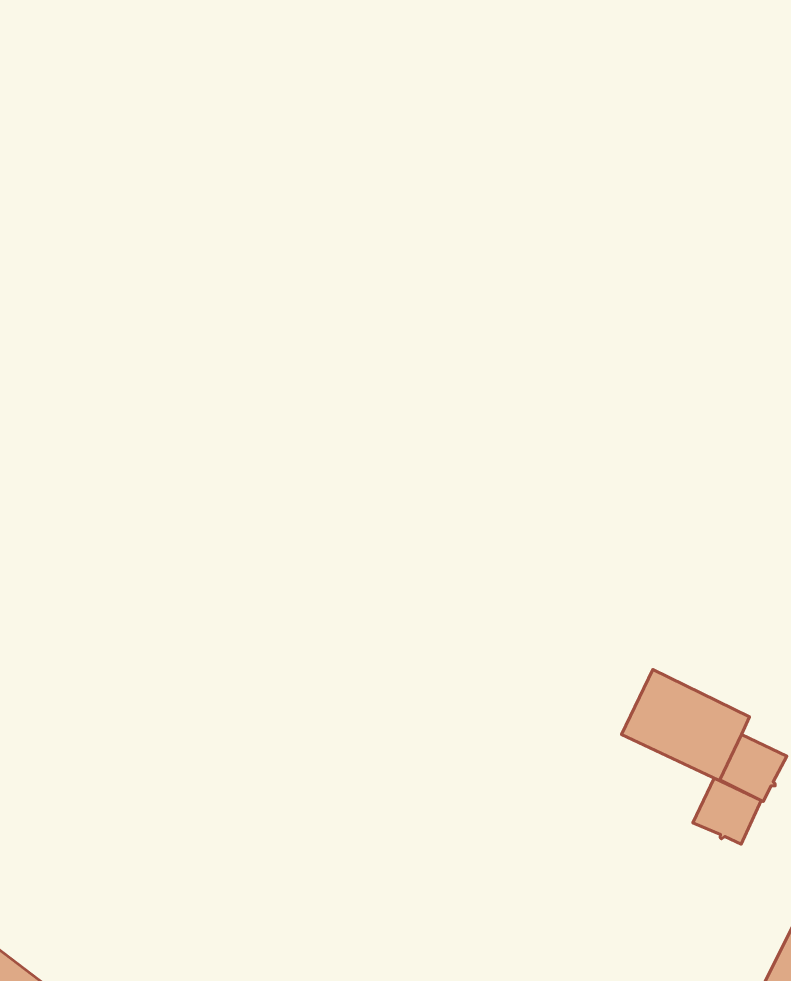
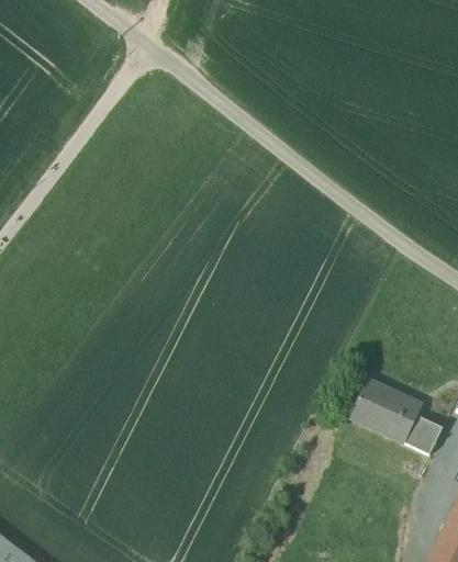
building: [693,778,761,844] -> none

